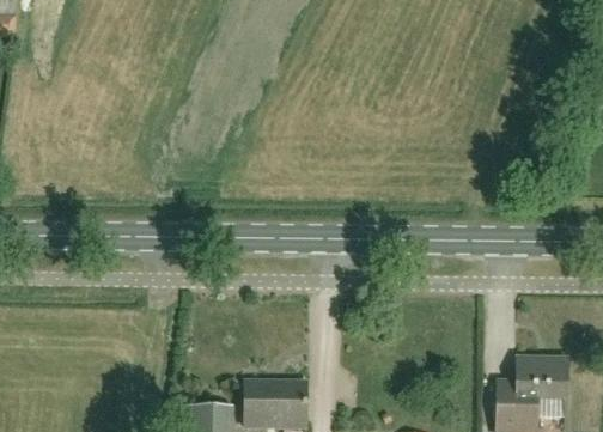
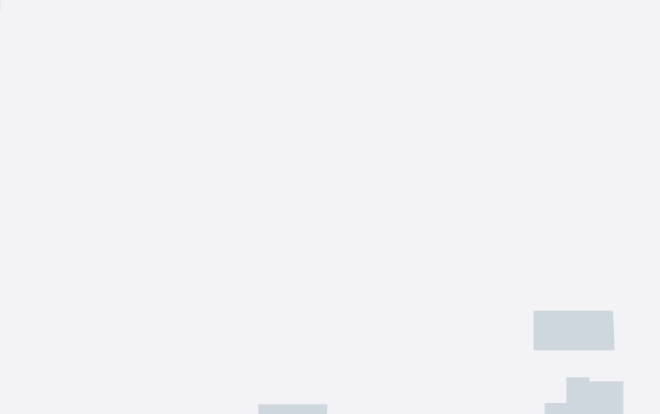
building: none -> [533,310,615,351]

